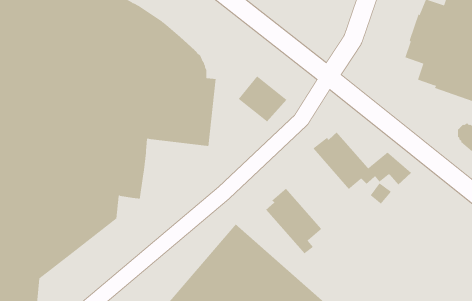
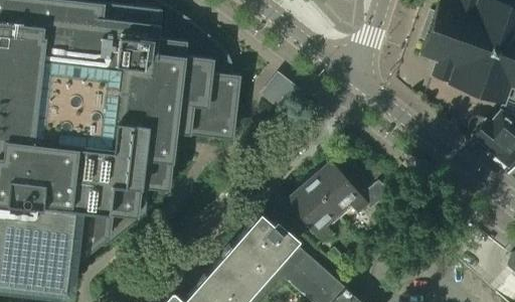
building: [313,132,412,190] -> [306,164,400,219]

